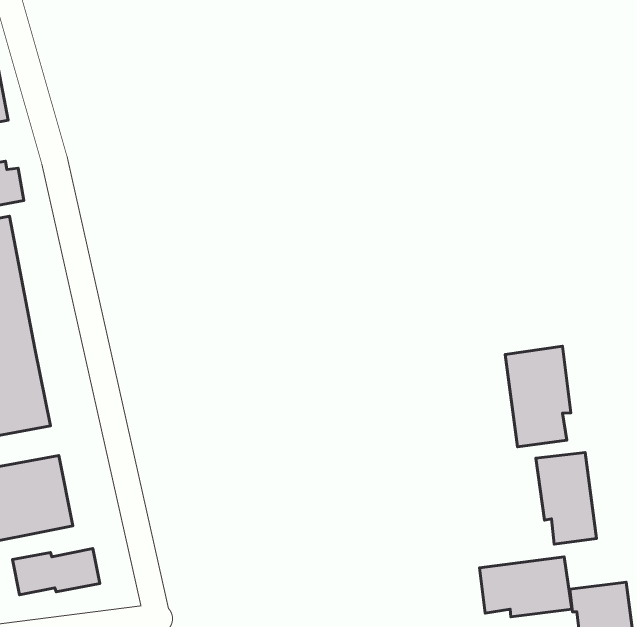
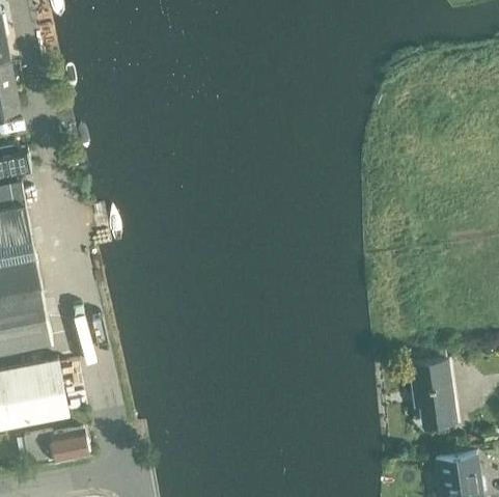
building: [505,346,571,447] -> none
building: [479,557,572,617] -> none

